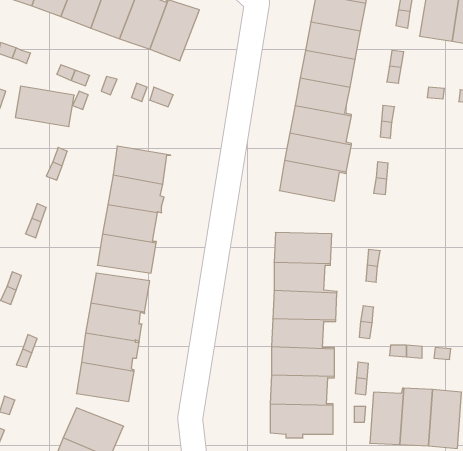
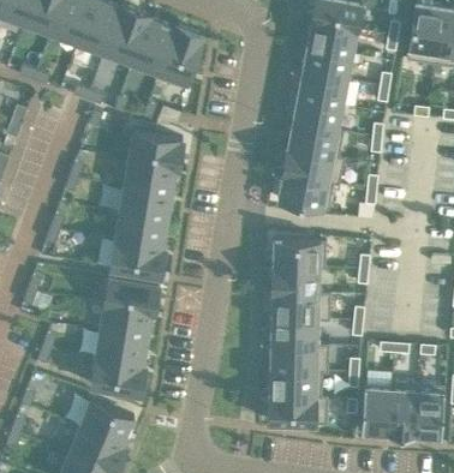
building: [15,86,74,127] -> [129,133,183,170]

